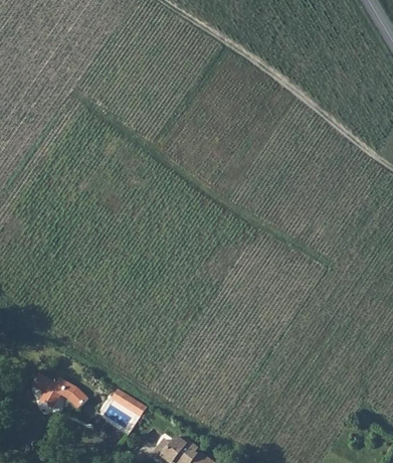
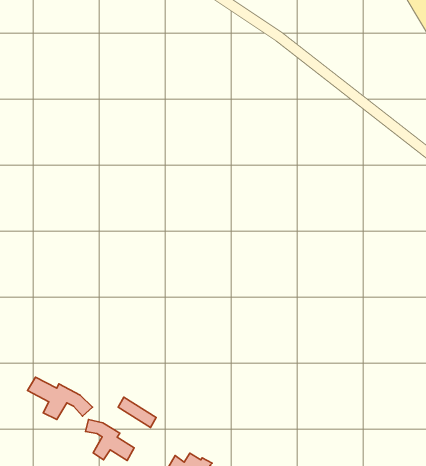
building: none -> [86,420,134,460]

